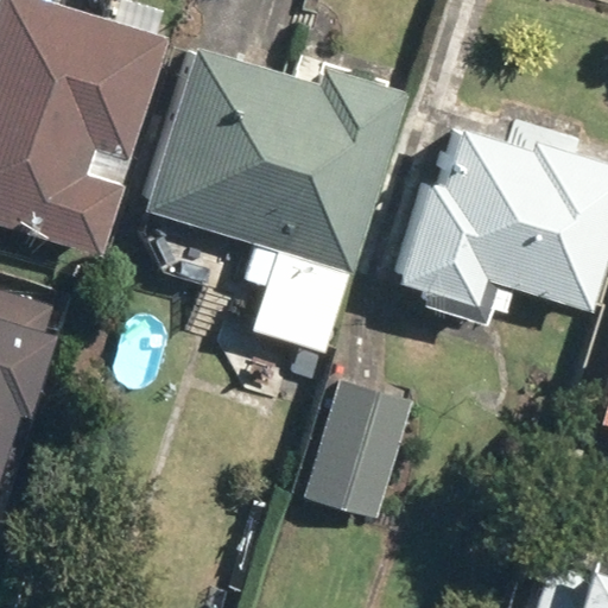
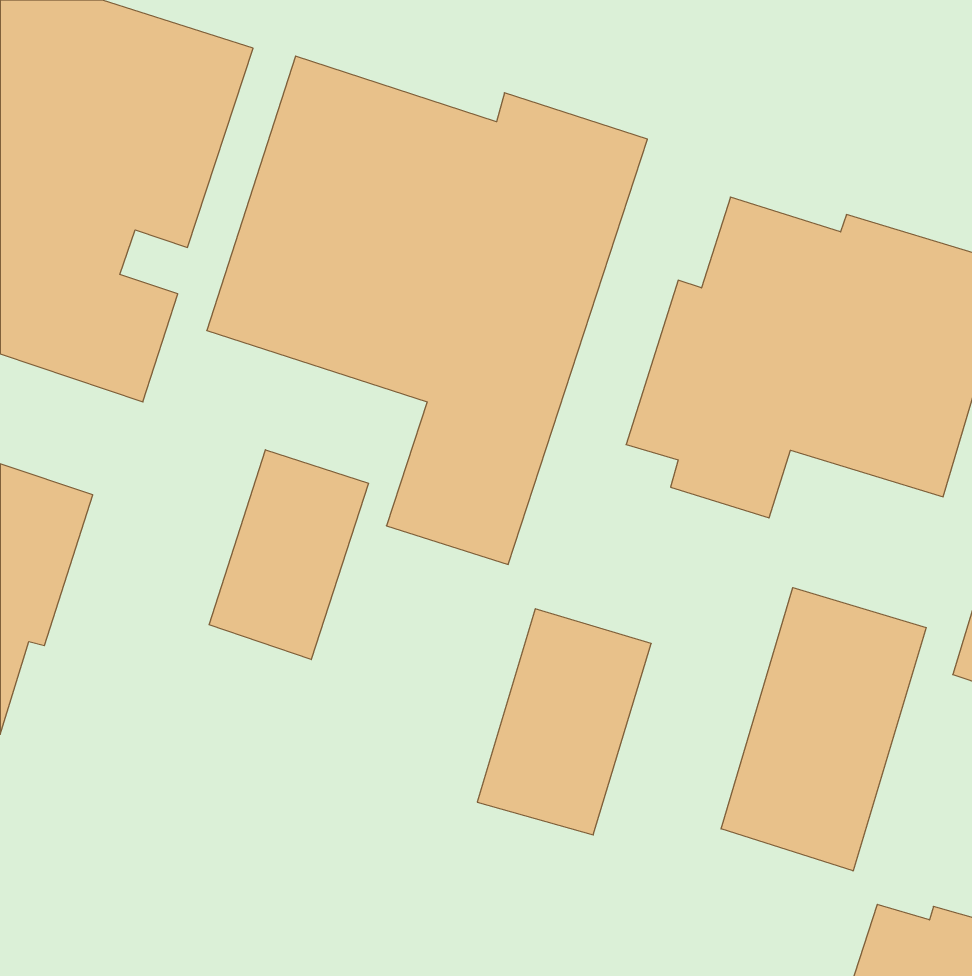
building: none -> [209,450,368,660]
building: none -> [721,588,926,871]

